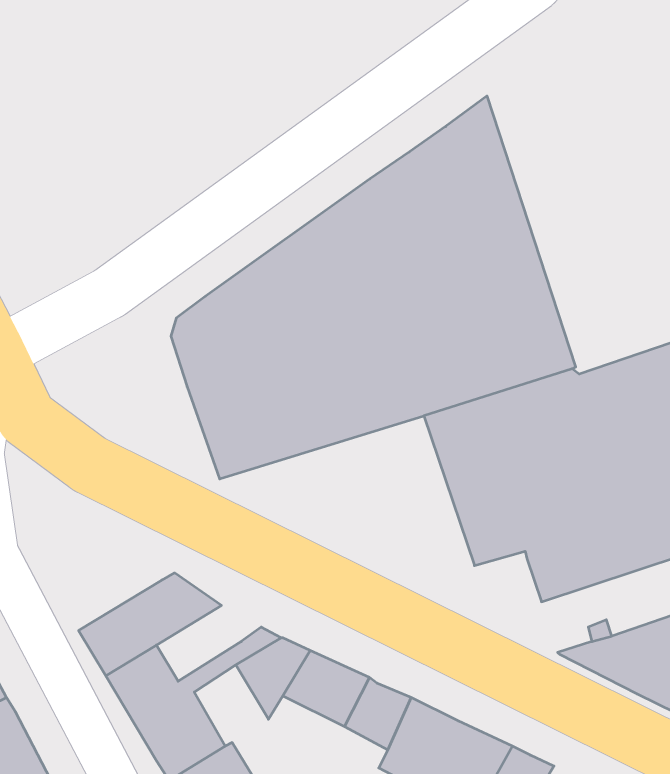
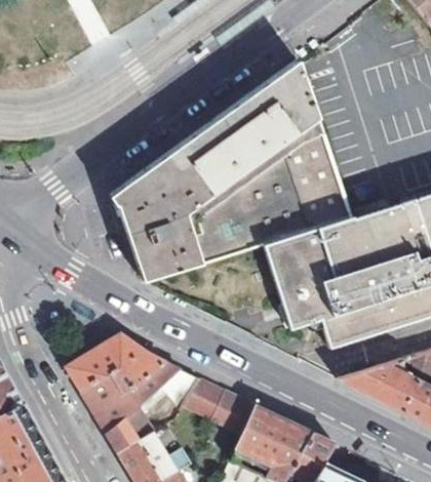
building: none -> [110,353,169,396]

